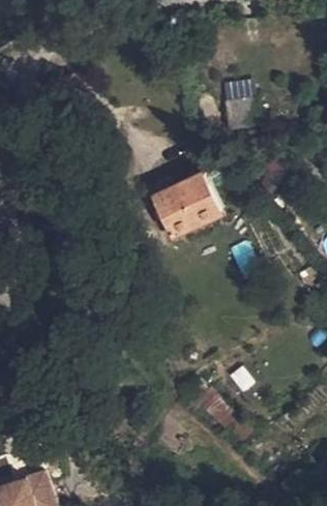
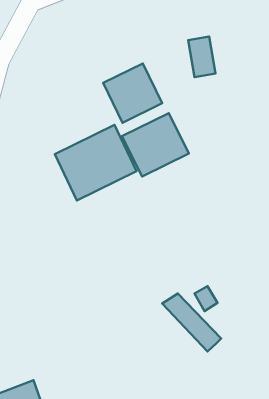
building: none -> [103,64,162,123]
building: none -> [55,125,137,200]

